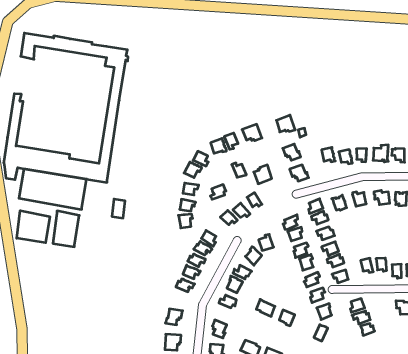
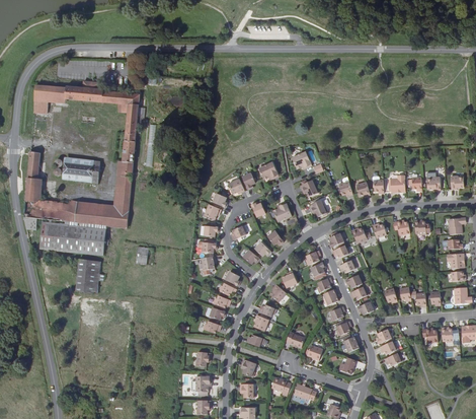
building: none -> [61,157,99,183]
building: [17,211,50,243] -> none

